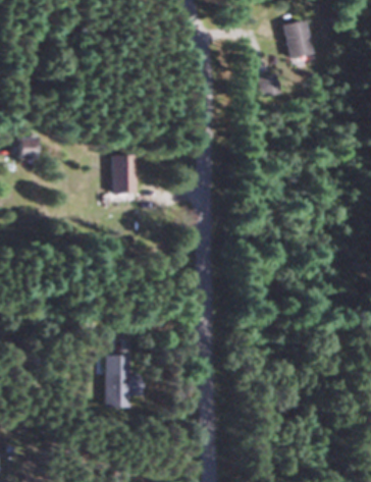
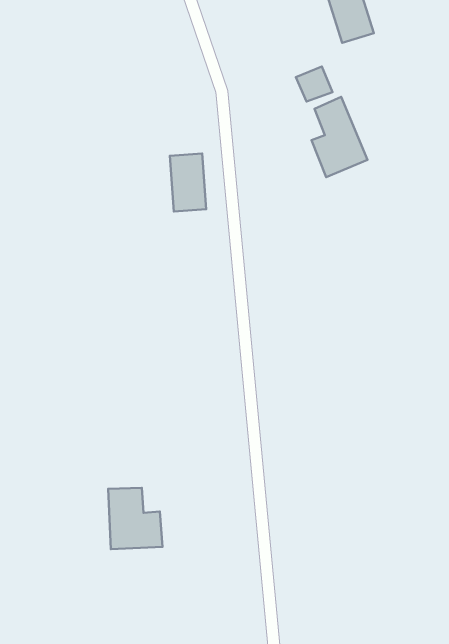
building: none -> [312,97,367,177]
building: [113,156,136,195] -> [170,154,206,212]

